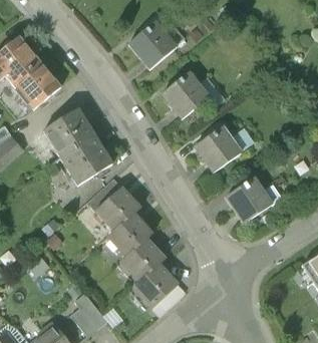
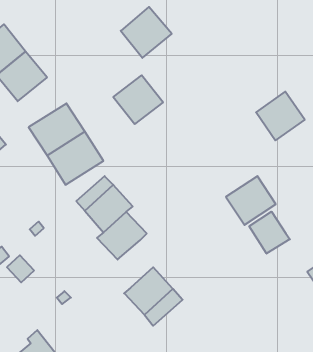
building: [163,72,209,117] -> [113,75,163,124]
building: [196,126,241,172] -> [256,92,305,140]
building: none -> [249,212,290,254]
building: [119,237,165,281] -> none
building: [70,292,107,336] -> none

